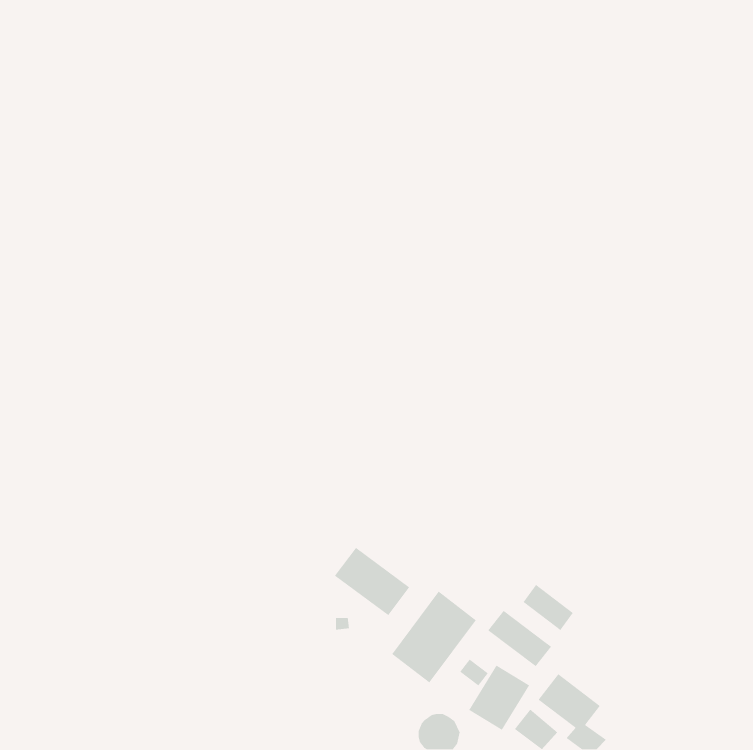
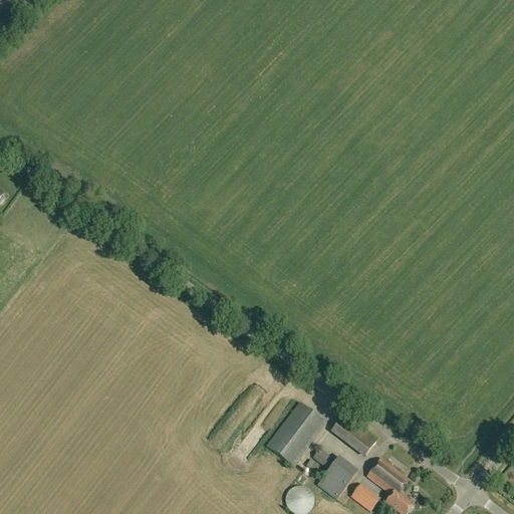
building: [334,547,410,616] -> none
building: [522,584,574,631] -> none

